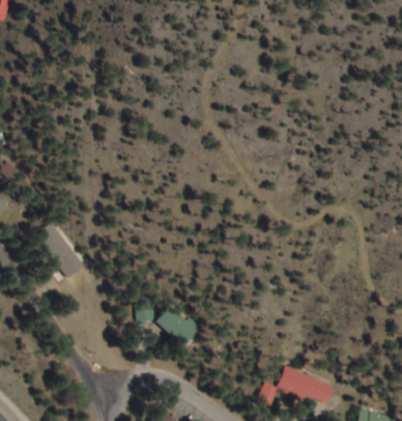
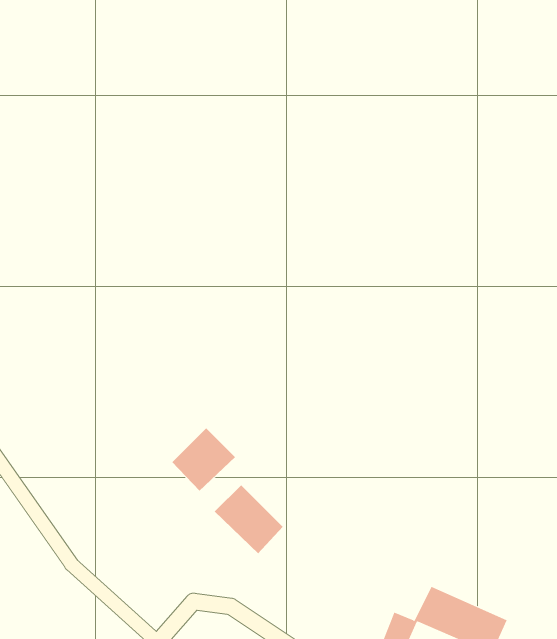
building: none -> [171,428,236,492]

